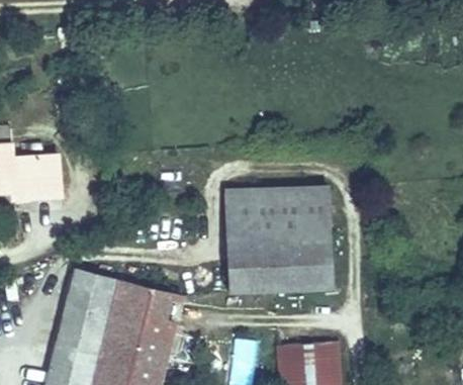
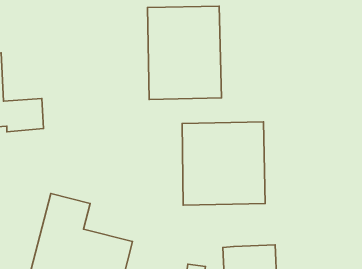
building: none -> [147,6,222,99]
building: [112,280,181,326] -> none

